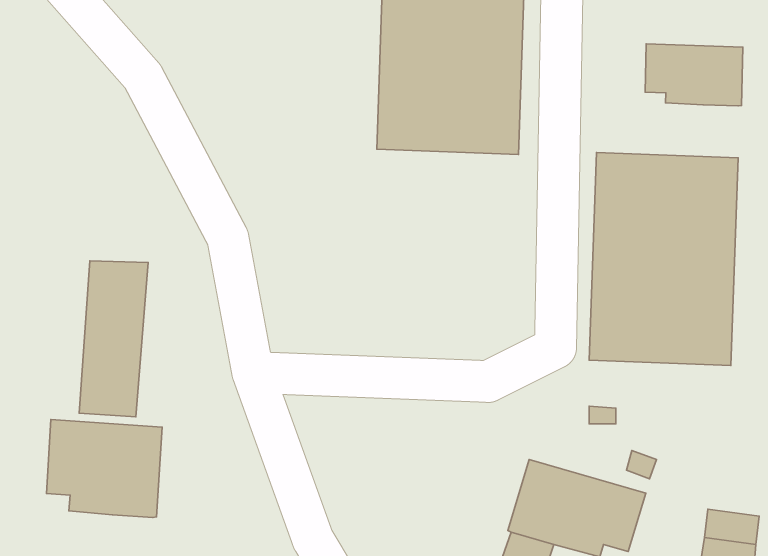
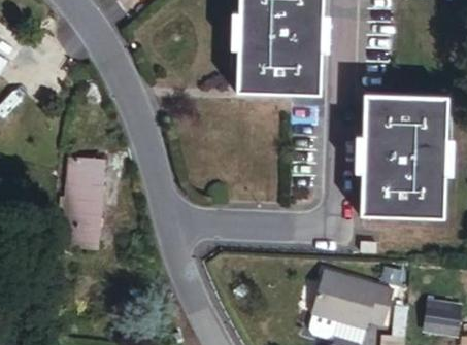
building: [645,44,743,106] -> none
building: [46,419,162,517] -> none

